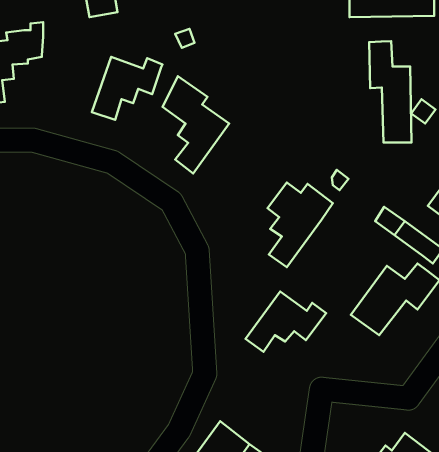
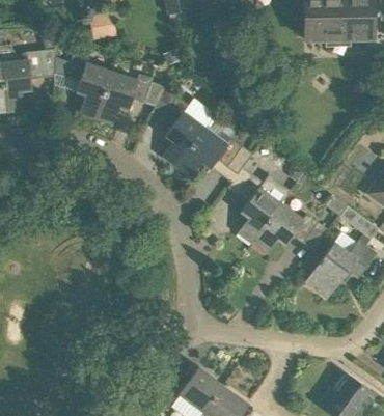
building: none -> [54,52,110,117]
building: [369,41,411,143] -> none
building: none -> [176,127,242,177]
building: [245,291,326,352] -> [252,204,318,253]

